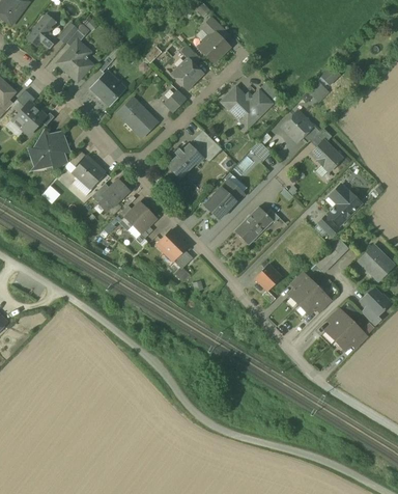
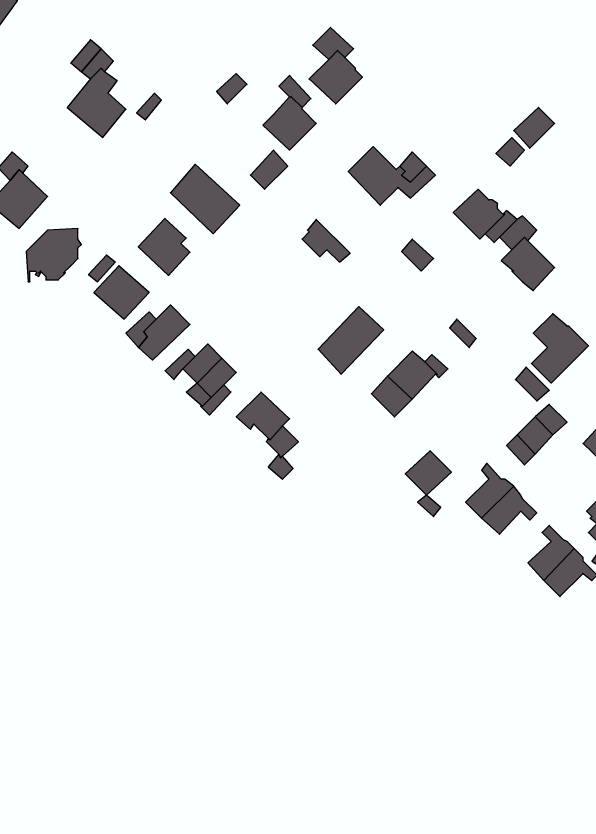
building: [27,18,56,49] -> none
building: [90,72,120,105] -> [138,218,190,275]
building: [168,144,203,177] -> none

